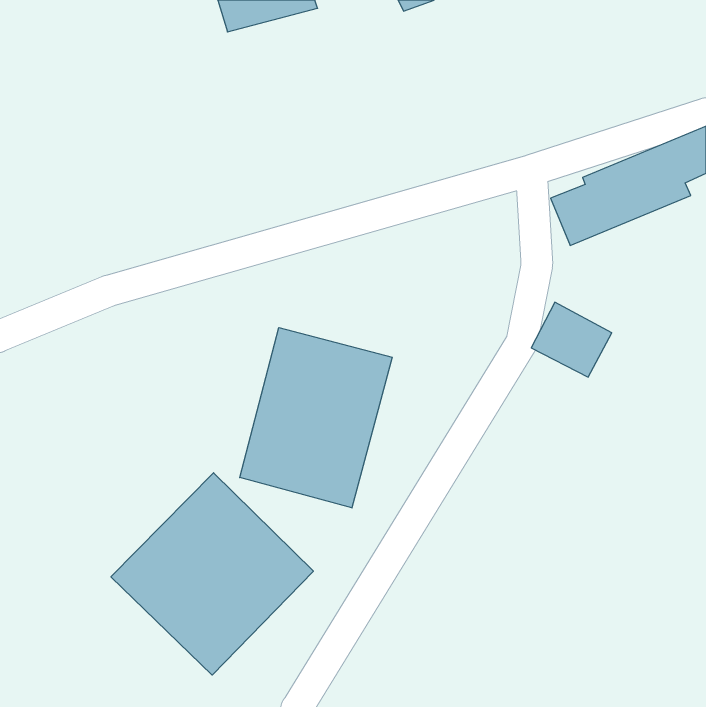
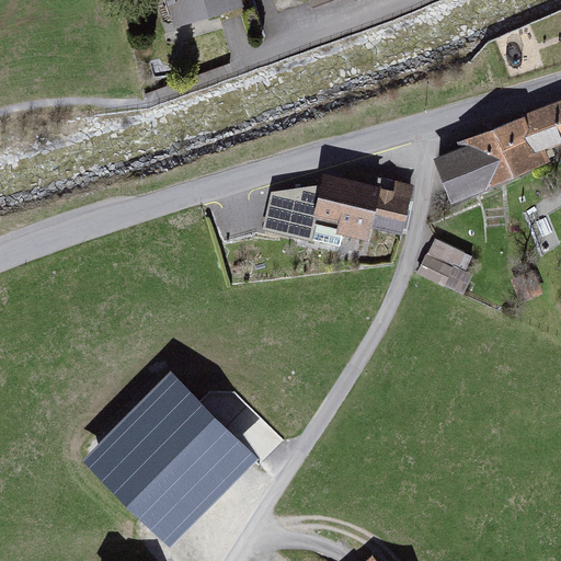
building: none -> [268,174,420,240]
building: [240,328,392,508] -> none

